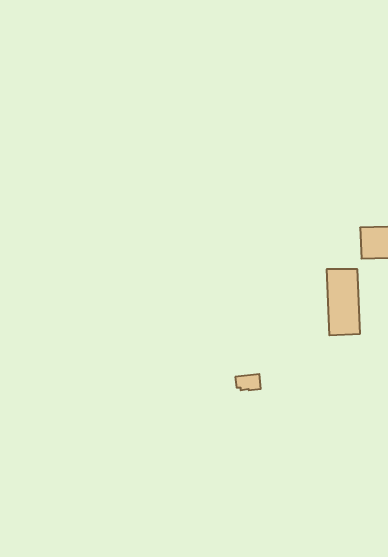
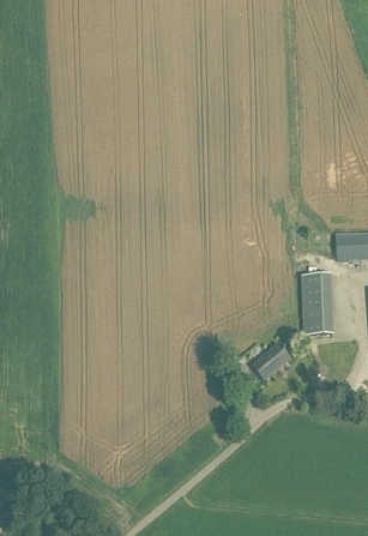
building: none -> [253,343,290,379]

